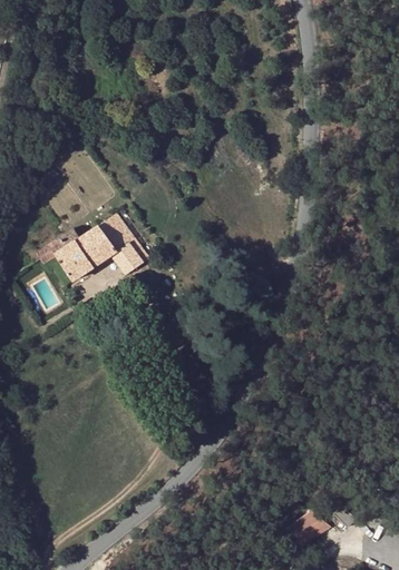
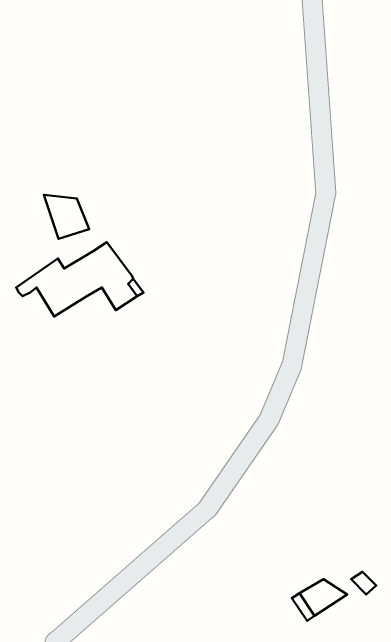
building: none -> [44,195,89,239]

